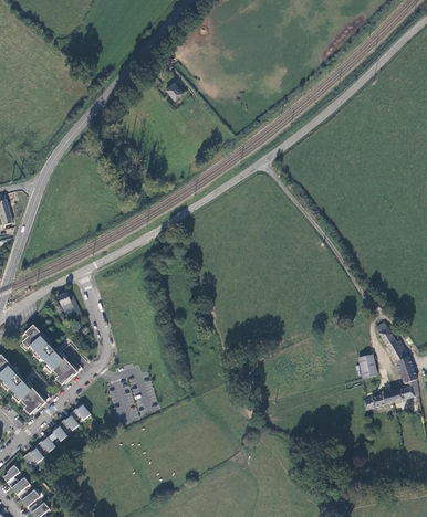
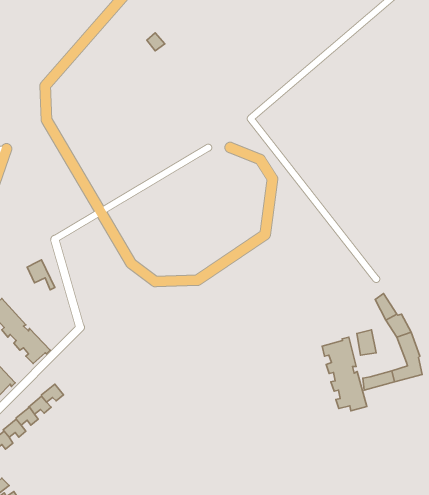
building: none -> [322,337,367,411]

